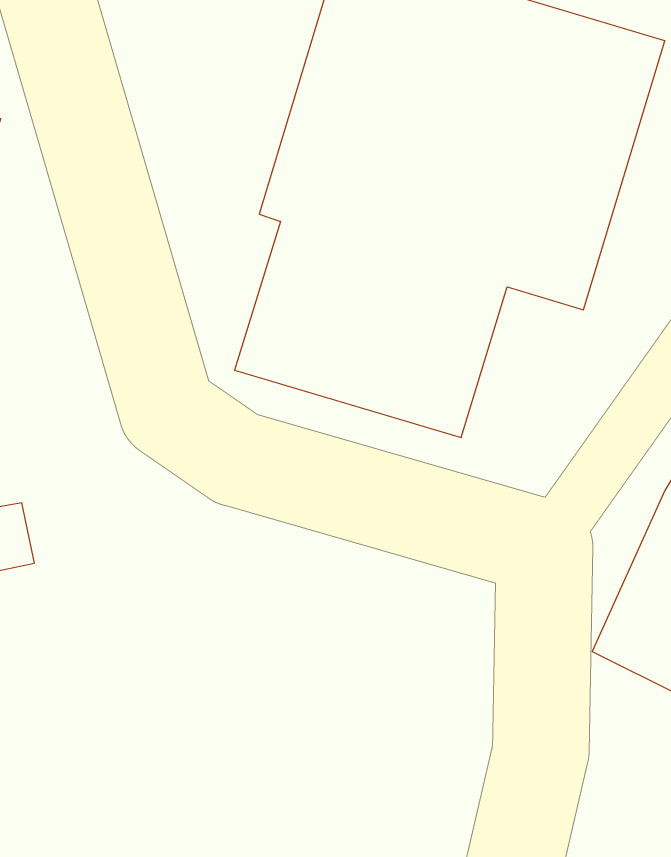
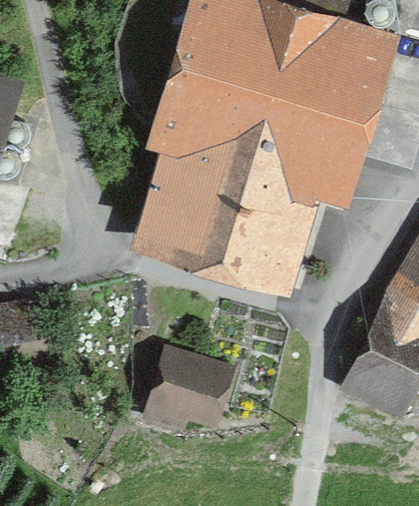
building: none -> [145,352,230,428]

